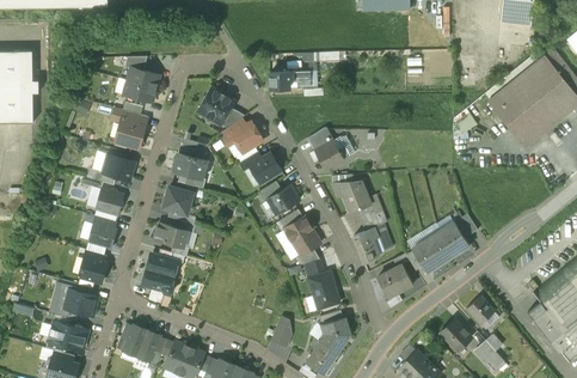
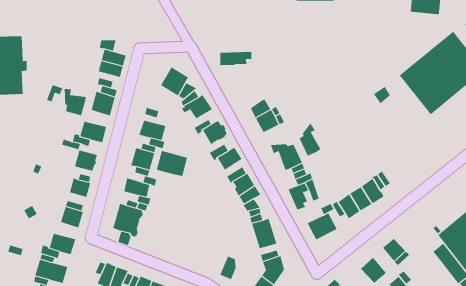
building: none -> [64,88,86,116]
building: none -> [299,122,321,157]
building: none -> [156,150,187,177]

